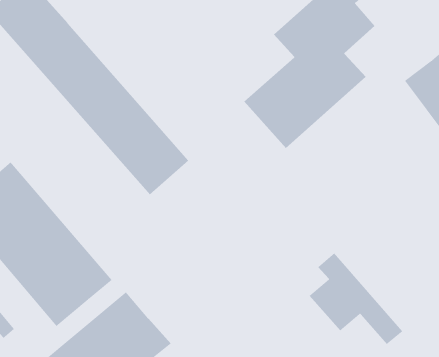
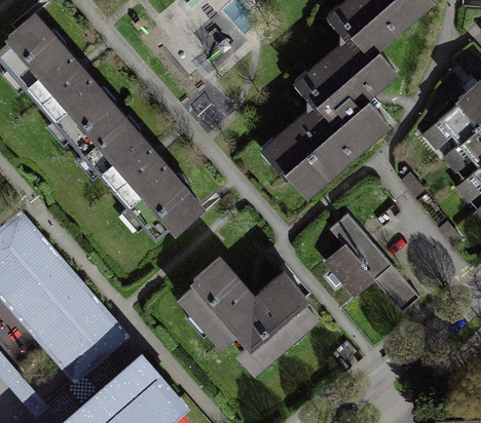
building: none -> [177,262,323,390]
building: [309,252,403,345] -> [320,215,418,311]

